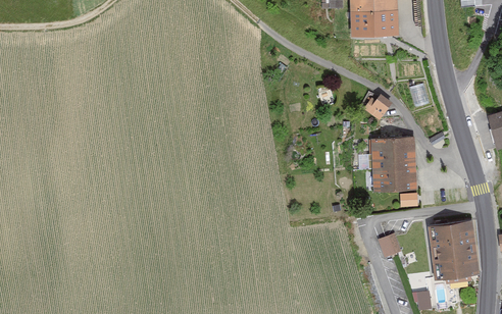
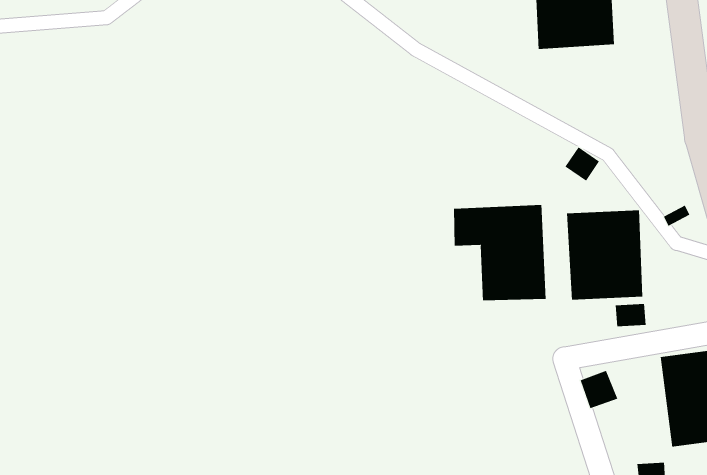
building: none -> [453,204,546,301]

